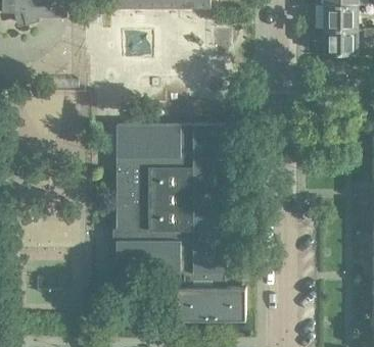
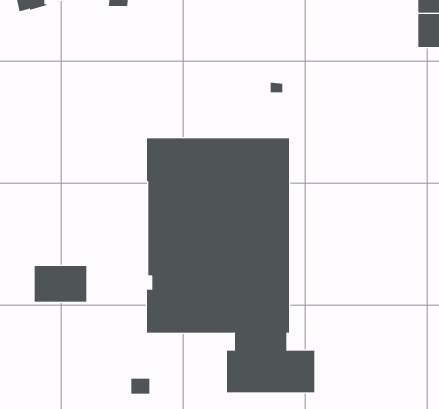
building: none -> [34,265,87,302]

